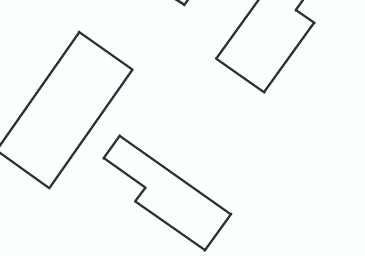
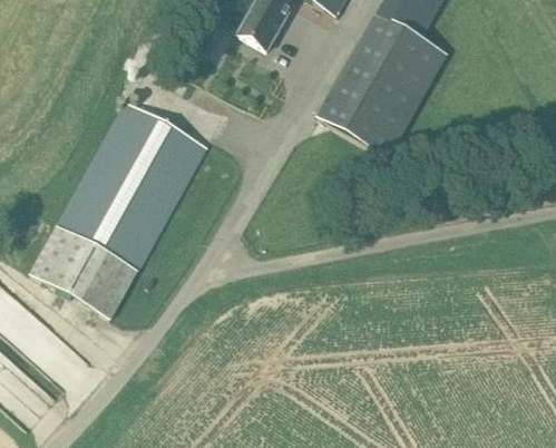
building: [104,136,231,250] -> none

